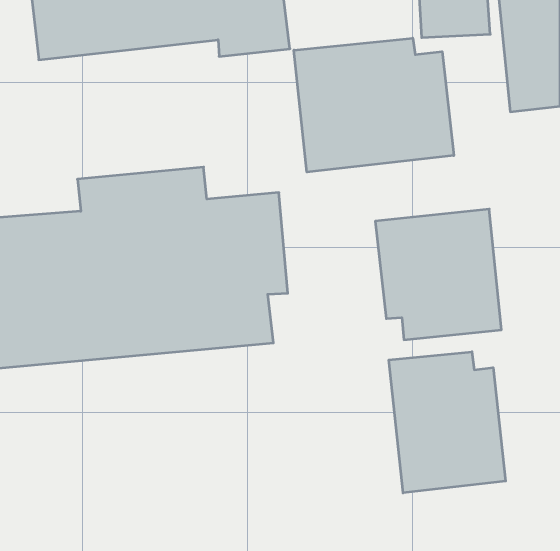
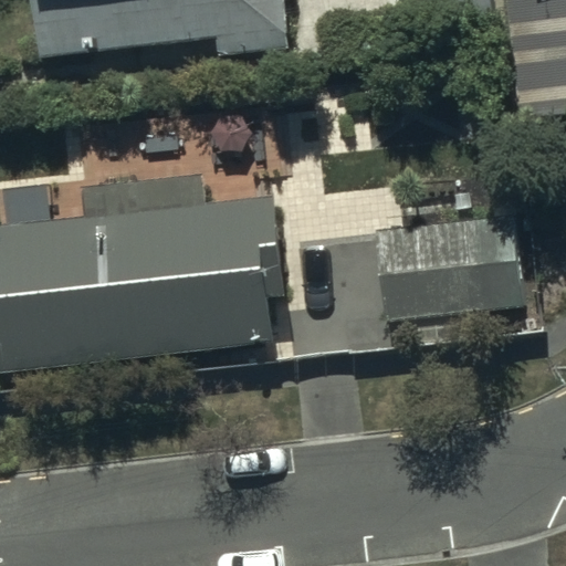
building: [294,38,454,172] -> none
building: [389,352,506,493] -> none

